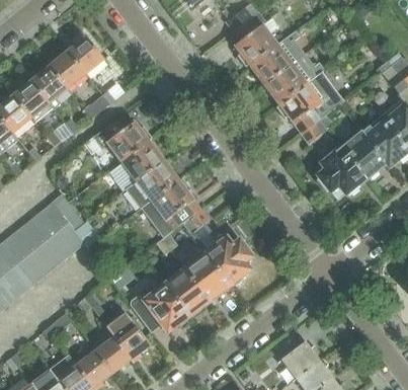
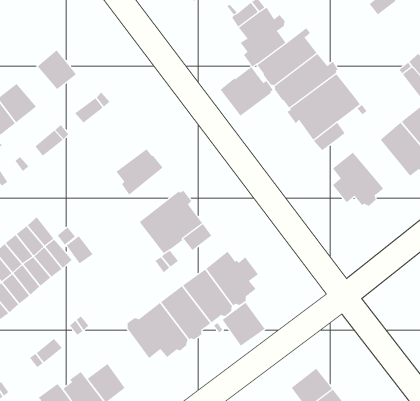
building: [67,37,103,74] -> none
building: none -> [220,66,273,117]
building: [30,67,67,109] -> none
building: [93,116,152,163] -> none
building: [337,129,385,178] -> none
building: [126,160,178,209] -> none
building: none -> [222,302,265,346]
building: [105,312,149,360] -> none

